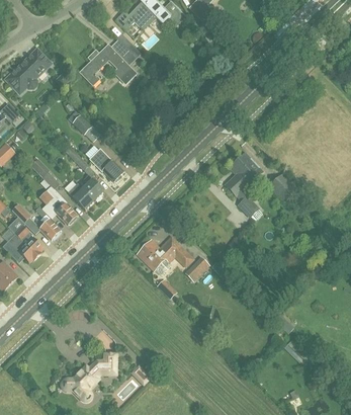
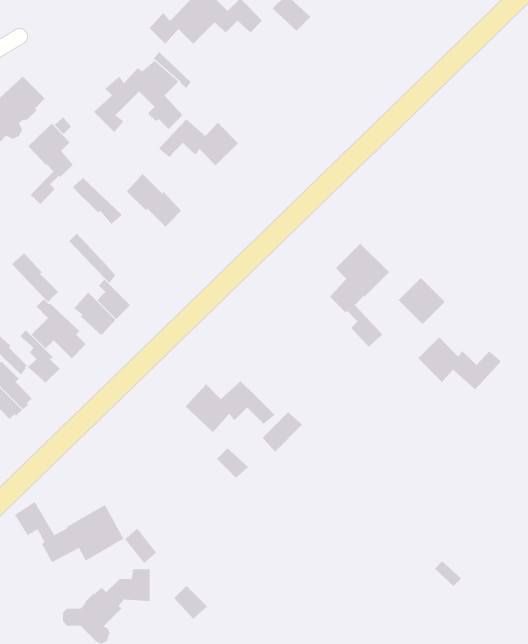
building: none -> [158,118,239,166]
building: none -> [28,123,74,205]
building: [89,148,123,181] -> [126,173,182,227]
building: none -> [417,336,502,390]
building: none -> [14,501,124,563]

